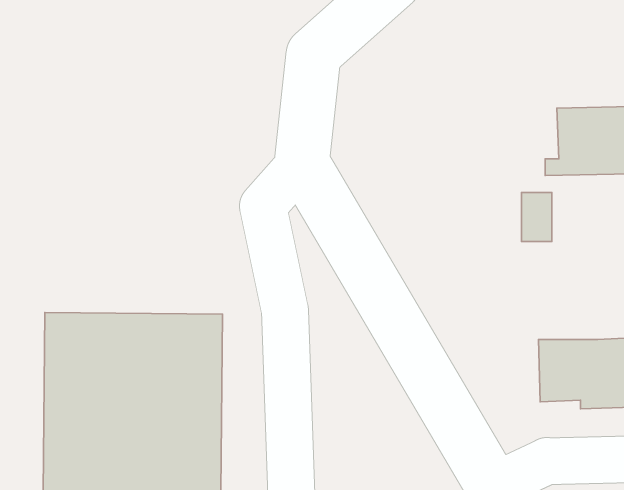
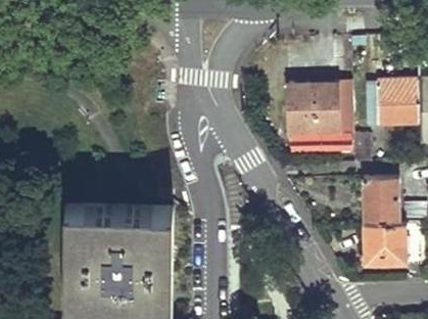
building: none -> [286,86,352,134]
building: none -> [362,181,398,226]

